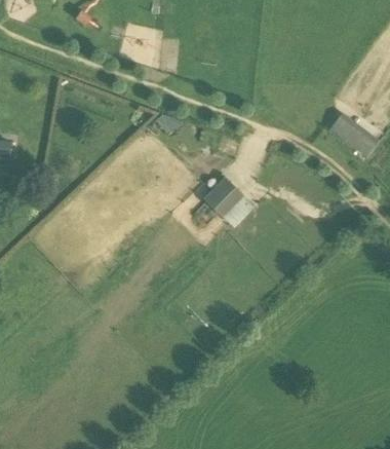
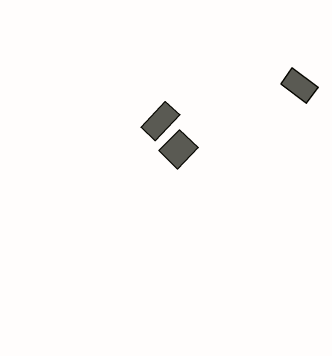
building: none -> [141,102,180,141]

